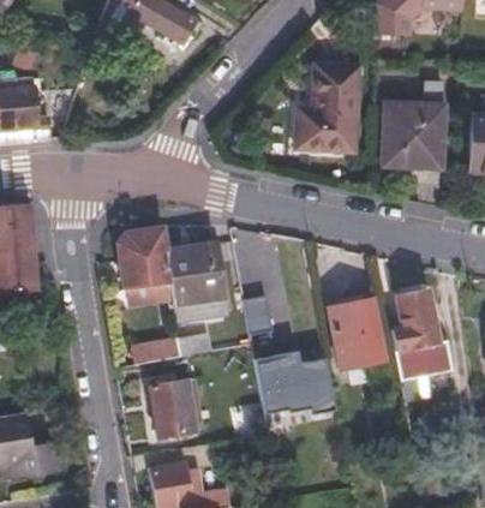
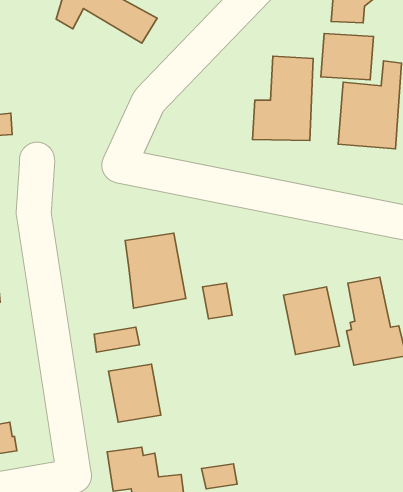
building: none -> [321,33,373,80]
building: [119,228,170,286] -> none
building: [256,349,336,420] -> none

